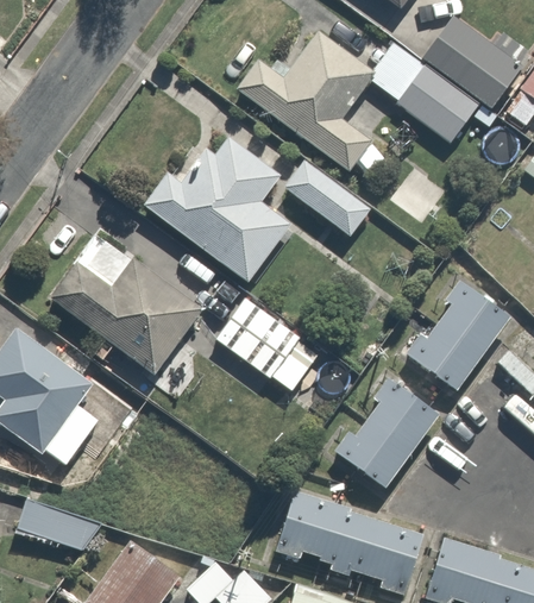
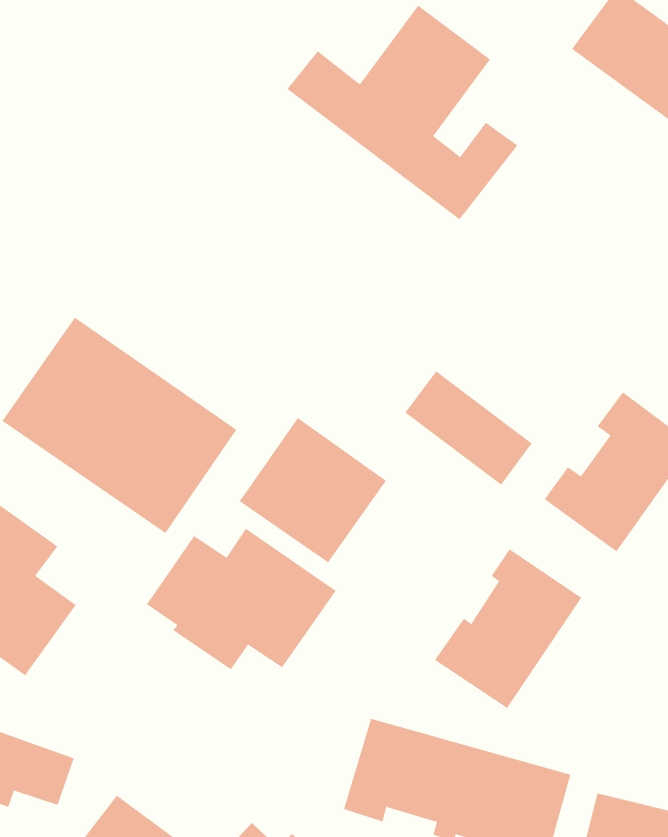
building: [371,48,478,143] -> none
building: [142,134,299,288] -> none
building: [283,161,366,235] -> [405,370,532,485]
building: none -> [146,528,337,670]

